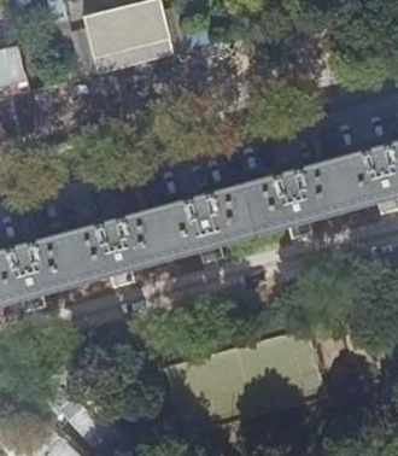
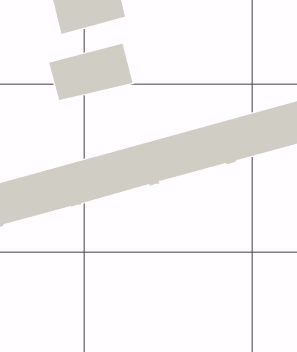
building: none -> [49,43,133,101]

